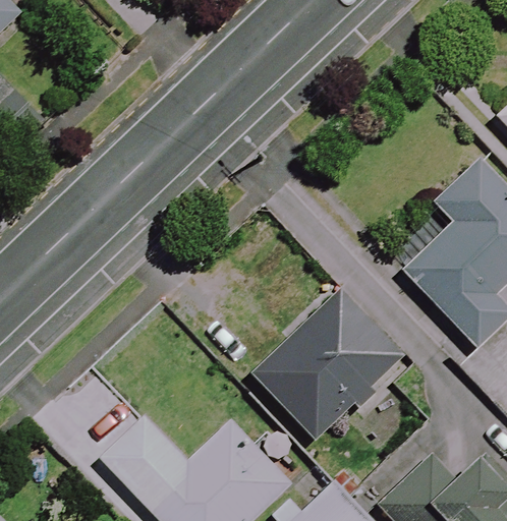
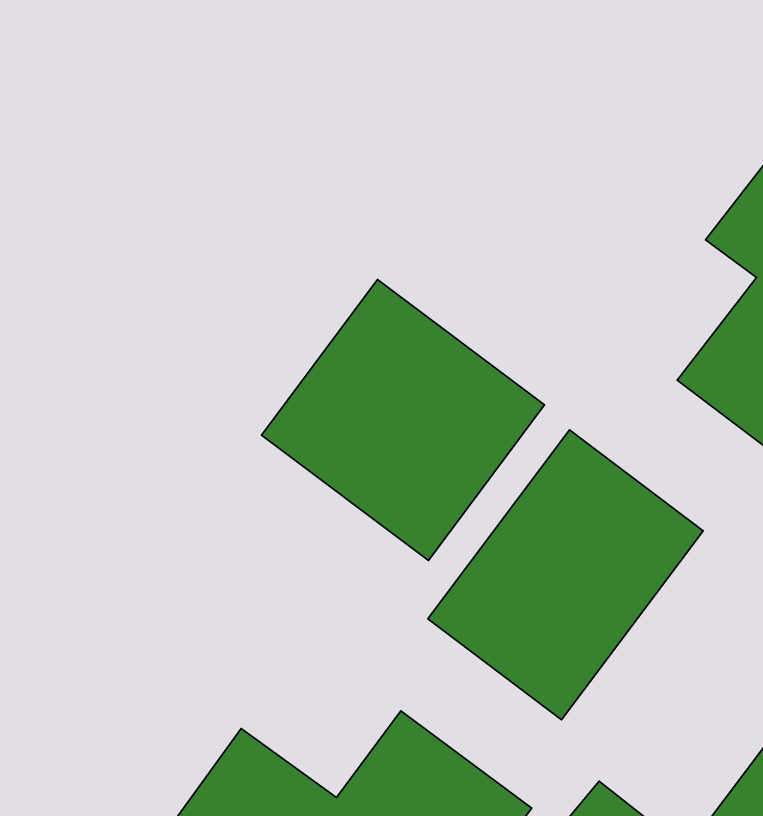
building: none -> [261,280,545,561]

